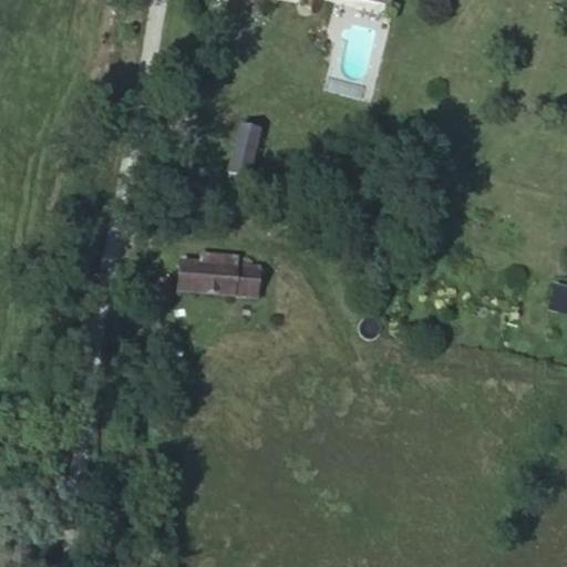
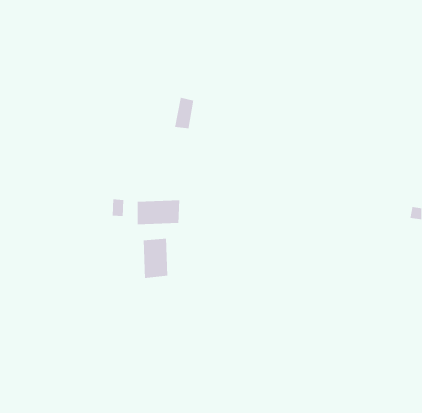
building: none -> [143,238,168,279]

